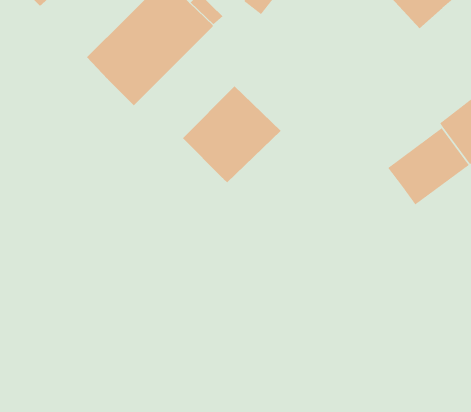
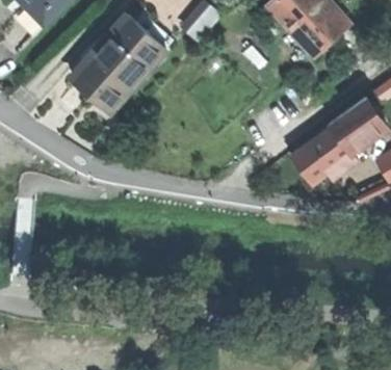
building: [182,86,281,183] -> none

